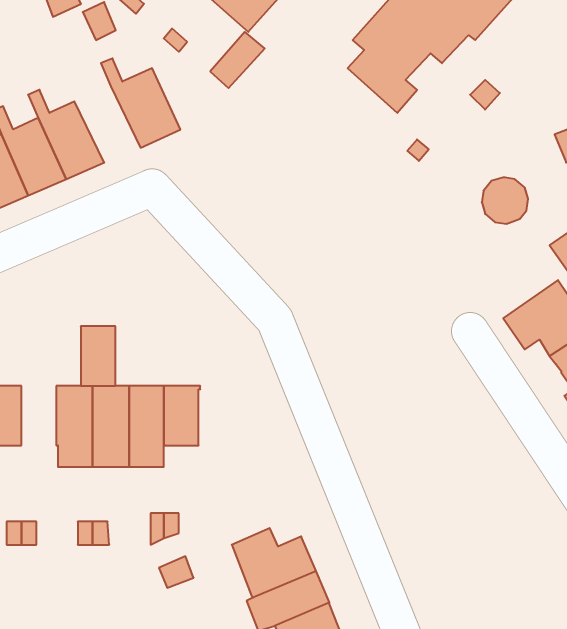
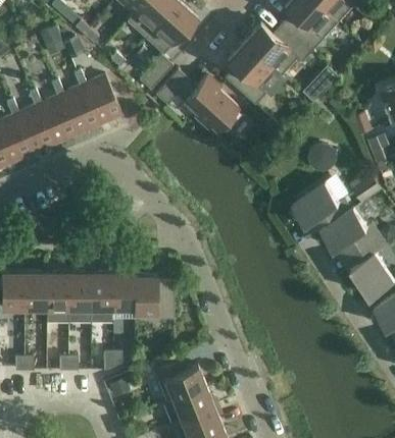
building: none -> [157,69,240,131]
building: none -> [51,81,98,135]
building: none -> [292,181,355,231]
building: [81,326,115,386] -> [24,273,46,310]
building: none -> [134,275,174,319]

